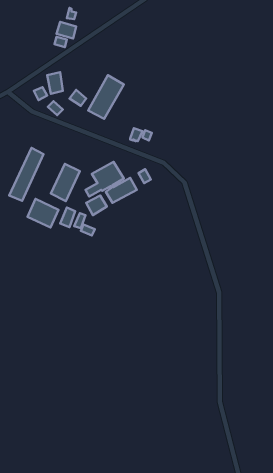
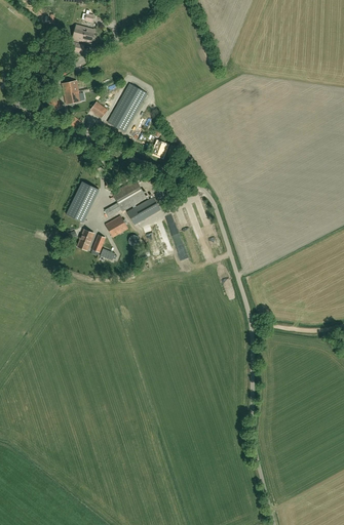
building: [9,148,44,201] -> none
building: [28,199,58,228] -> none

